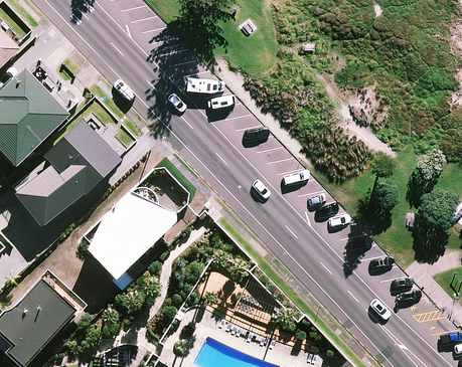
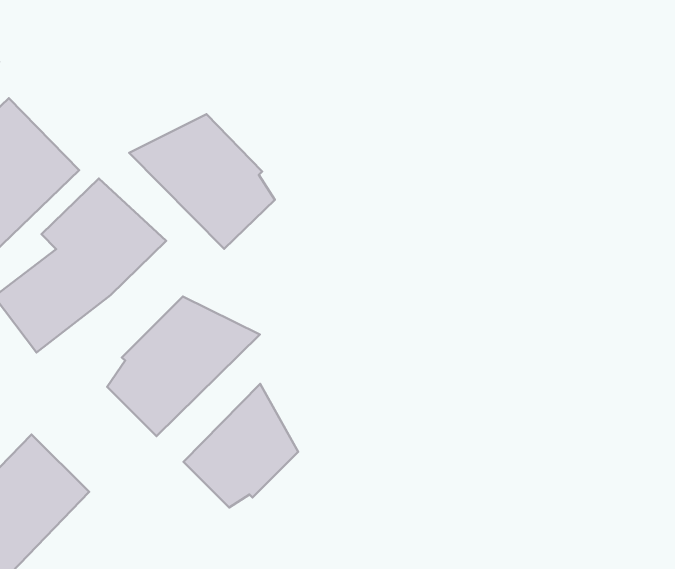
building: none -> [129,114,275,249]
building: none -> [184,384,298,507]

